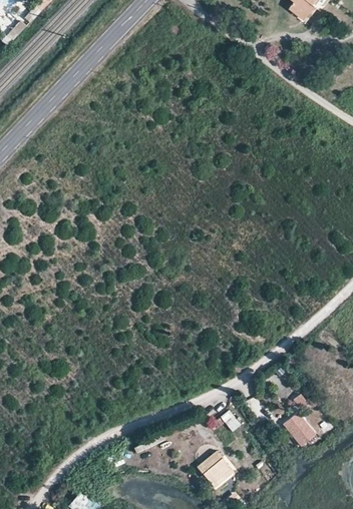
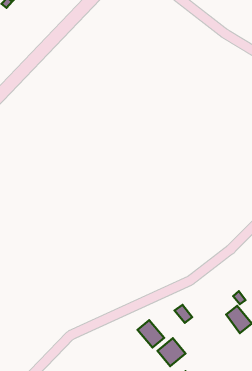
building: none -> [138,320,164,348]

